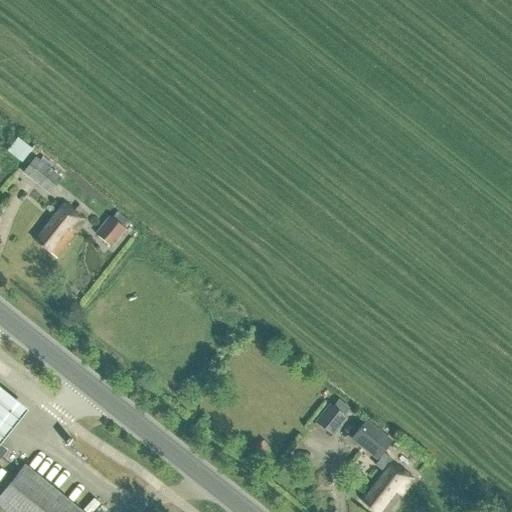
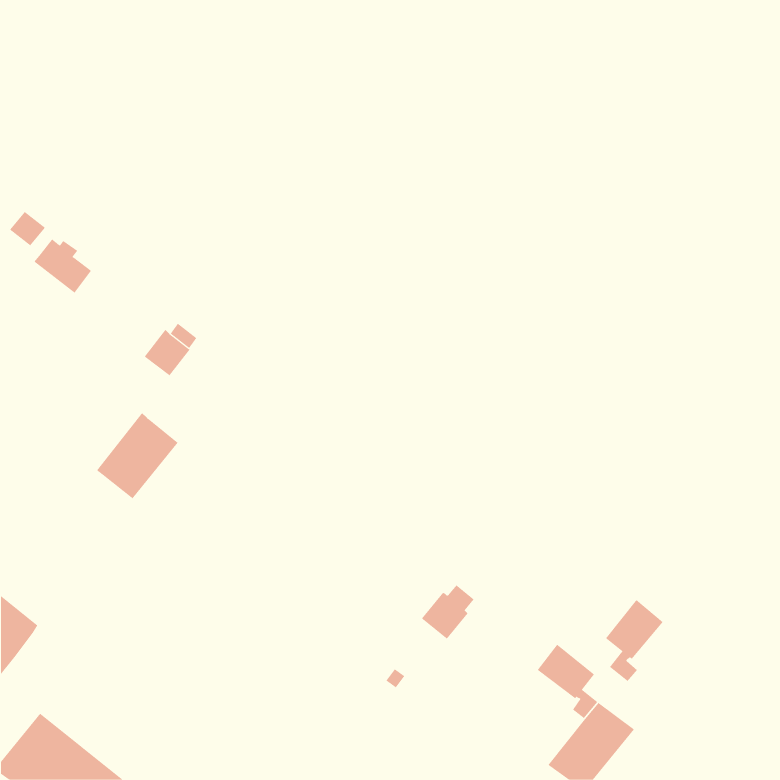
building: [33,201,87,258] -> [96,412,179,499]
building: none -> [605,599,663,682]
building: [315,398,350,434] -> [421,584,475,639]

